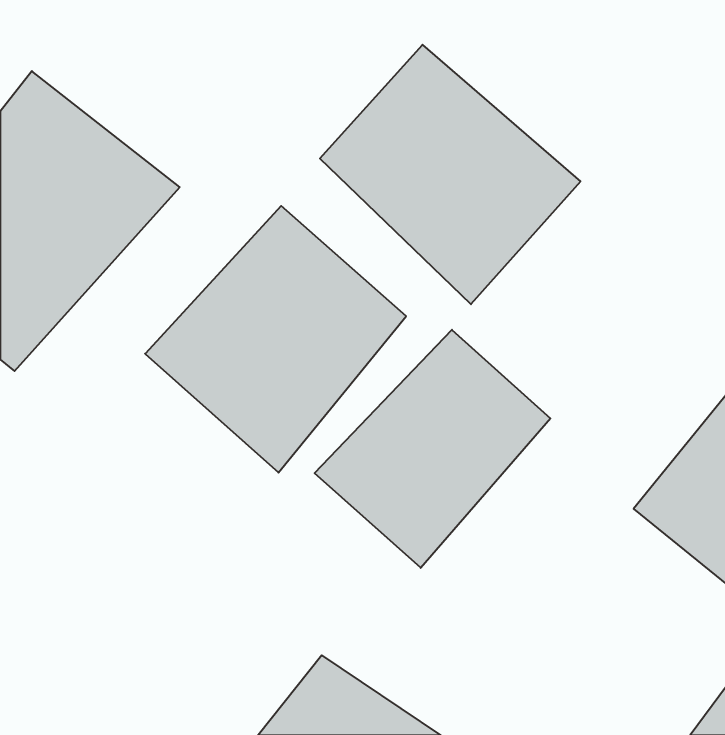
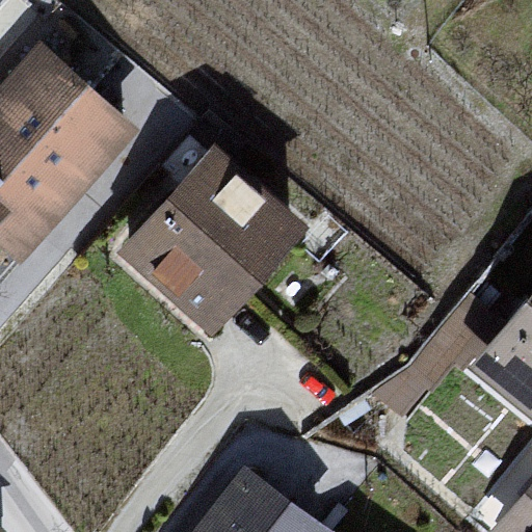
building: [320,45,580,304] -> none
building: [315,330,550,568] -> none

